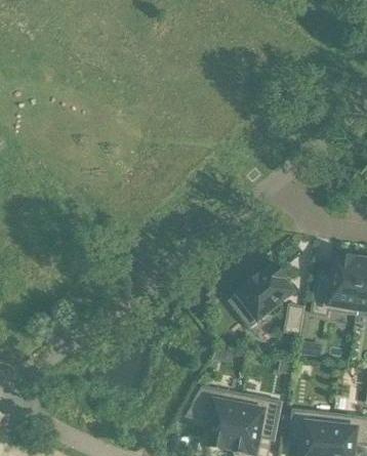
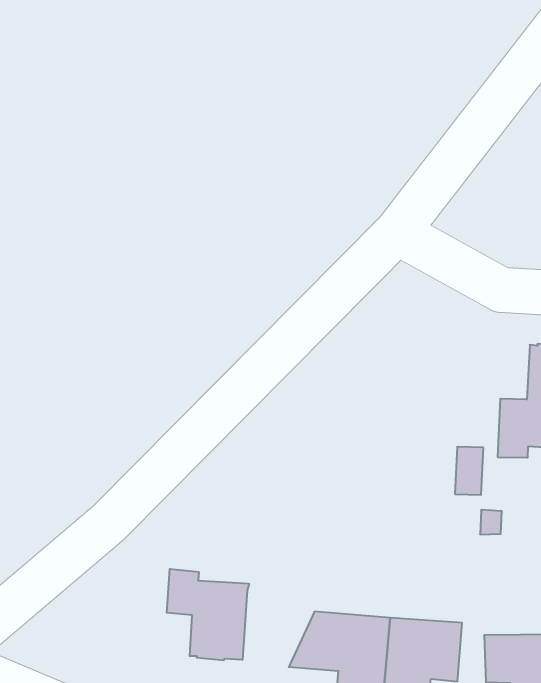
building: [231,265,295,328] -> none
building: none -> [167,569,249,660]

